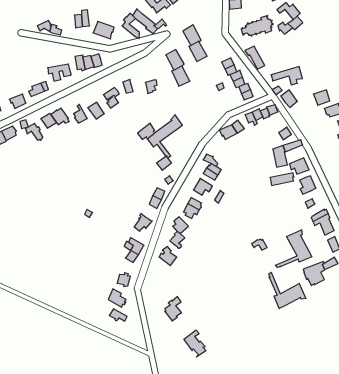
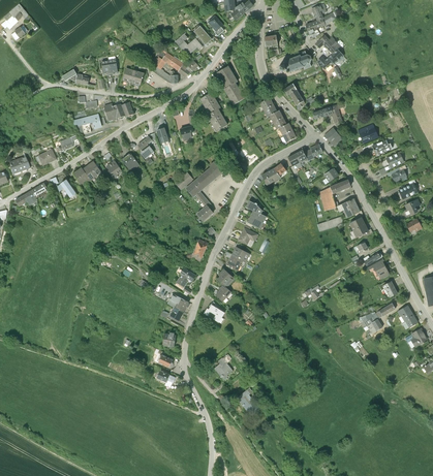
building: [276,230,312,267] -> none
building: [269,272,306,309] -> none

